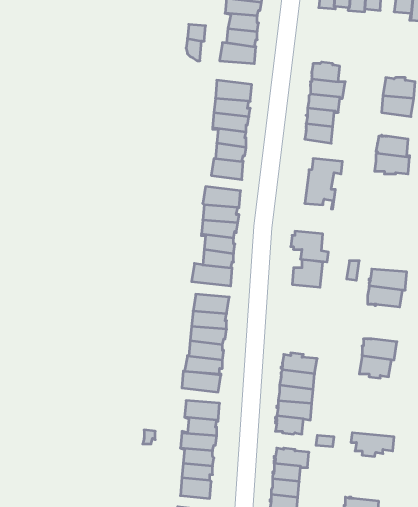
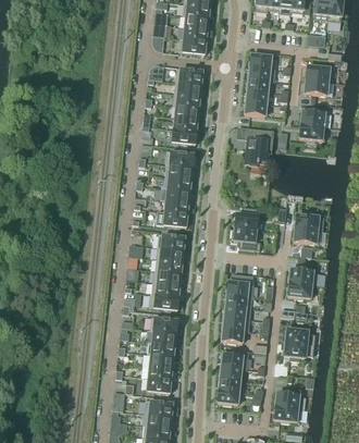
building: [291,231,328,262] -> [231,226,260,250]
building: none -> [281,325,314,345]

